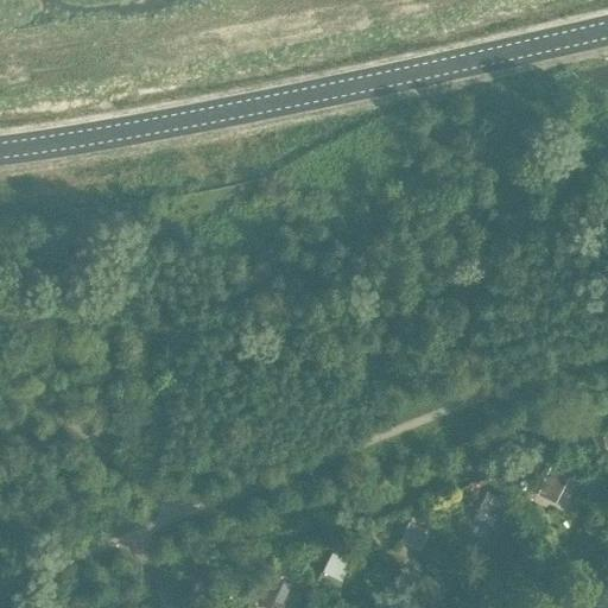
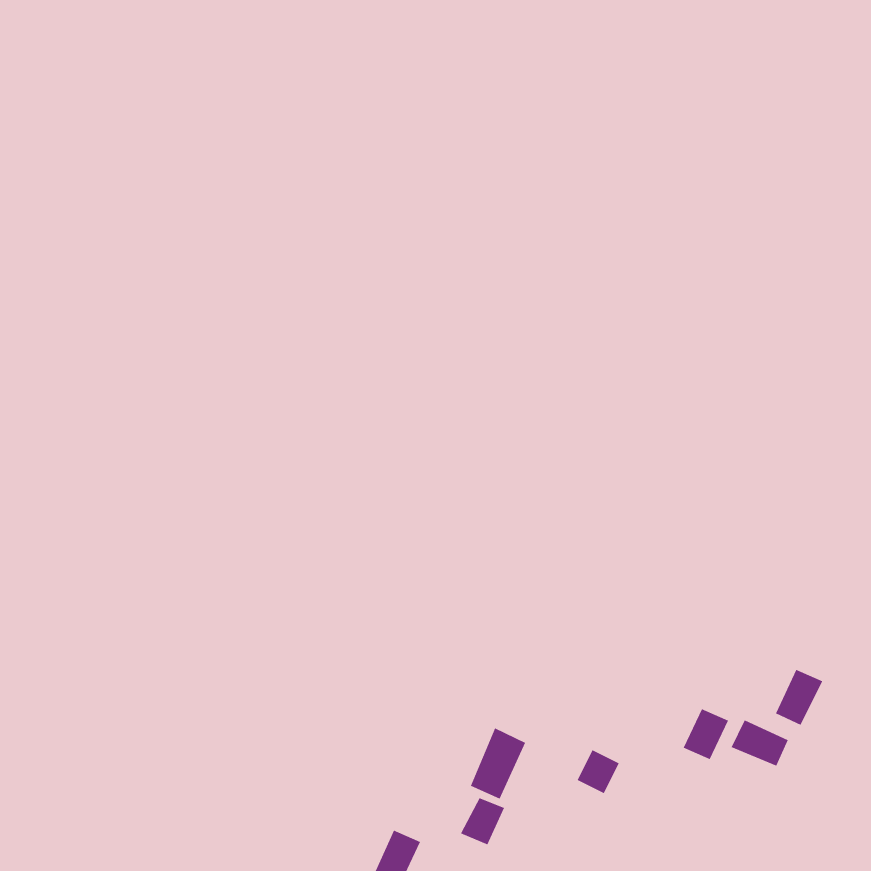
building: none -> [731,719,789,767]
building: none -> [470,728,526,799]

